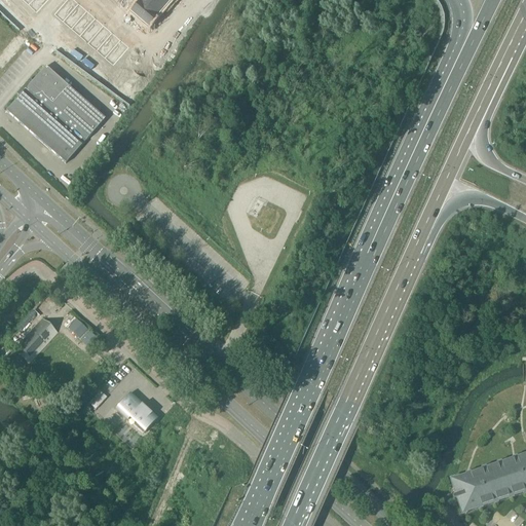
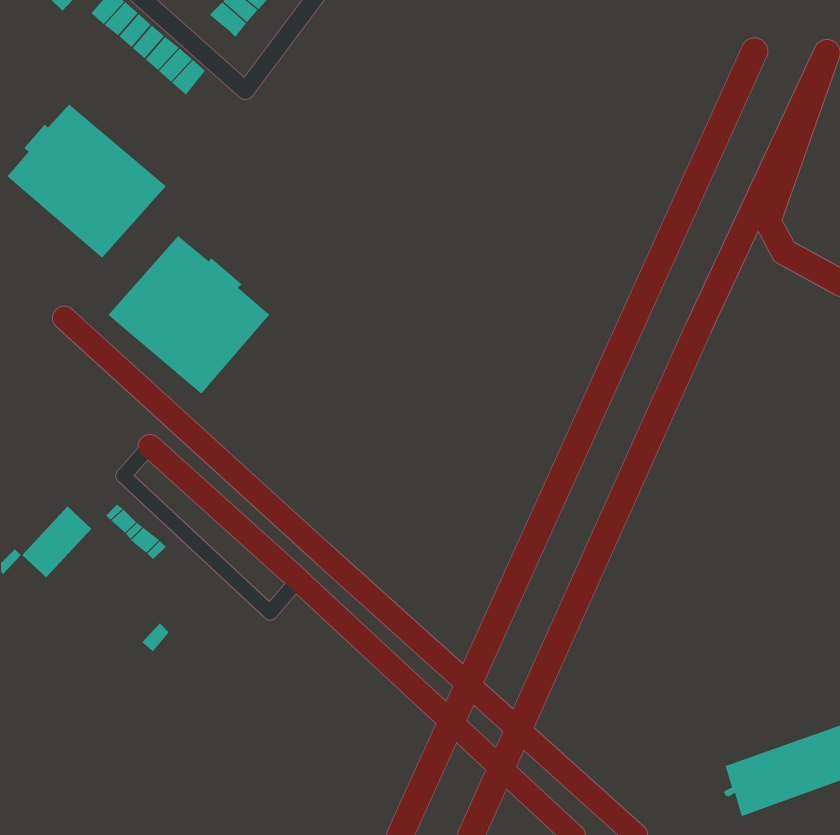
building: none -> [108,235,270,394]
building: [115,390,157,431] -> none

